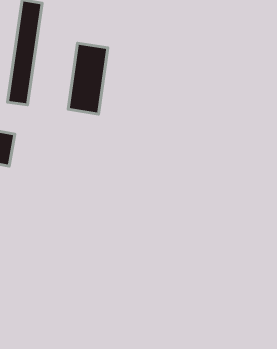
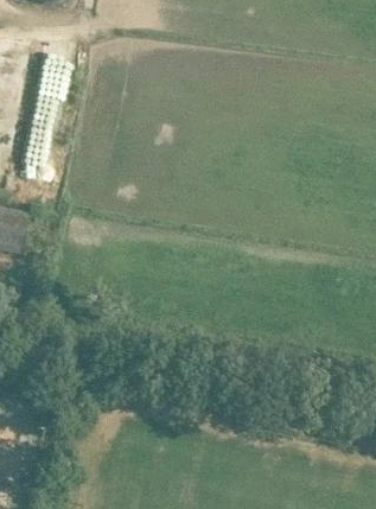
building: [68,43,108,114] -> none

